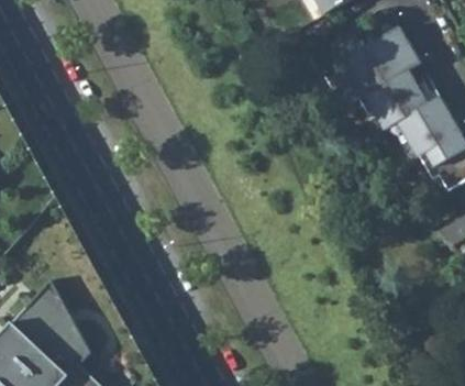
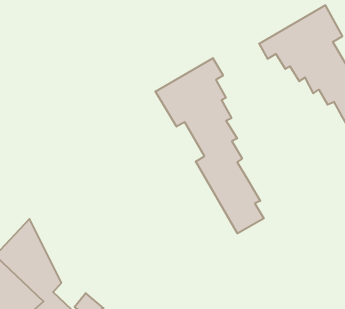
building: none -> [155,58,264,233]

